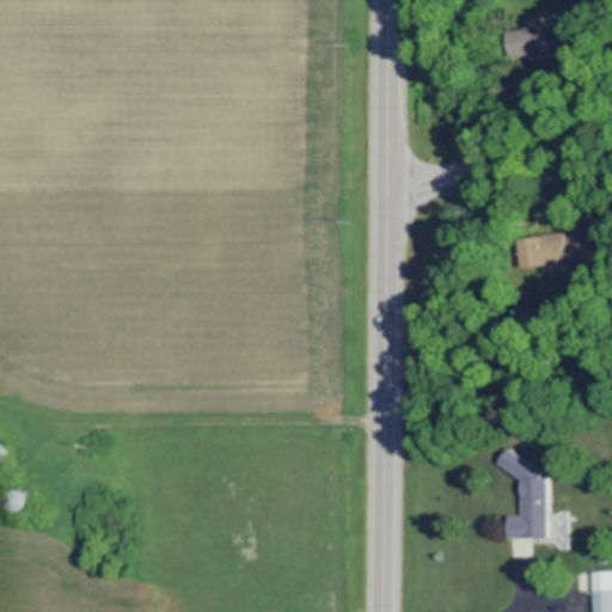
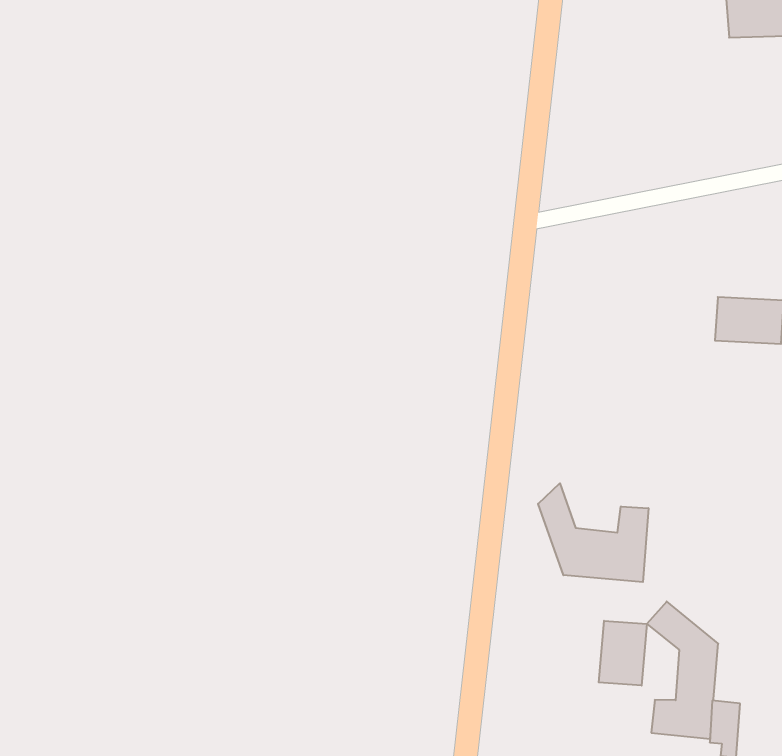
building: none -> [538,483,648,582]
building: none -> [599,621,647,686]

